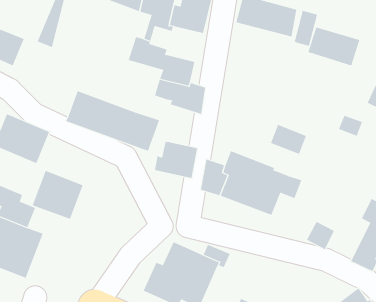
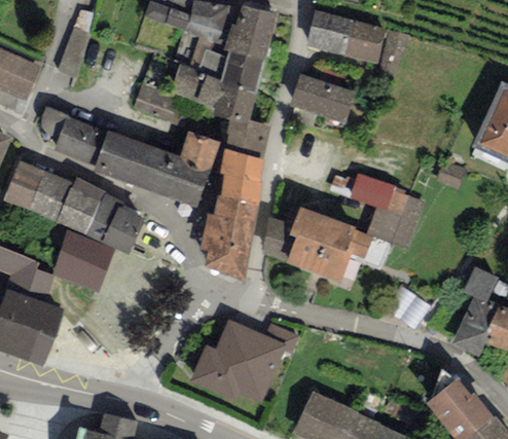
building: none -> [198,50,263,95]
building: [308,27,360,66] -> [289,74,355,123]
building: none -> [133,84,187,124]
building: none -> [40,106,107,164]
building: none -> [179,132,219,168]
building: none -> [219,148,263,203]
building: none -> [57,177,145,255]
building: none -> [365,187,425,250]
building: none -> [198,230,251,283]

